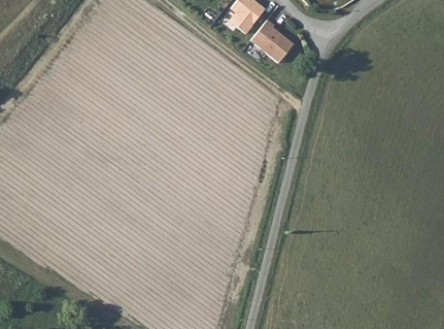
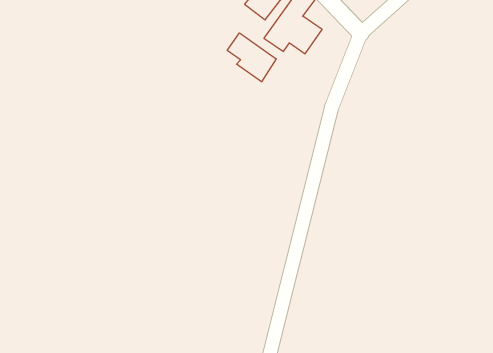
building: none -> [227,33,276,82]

